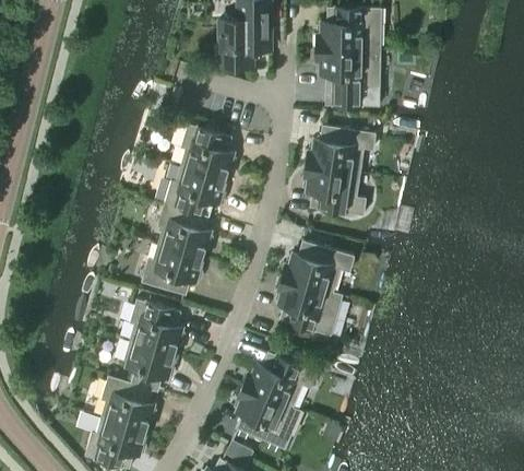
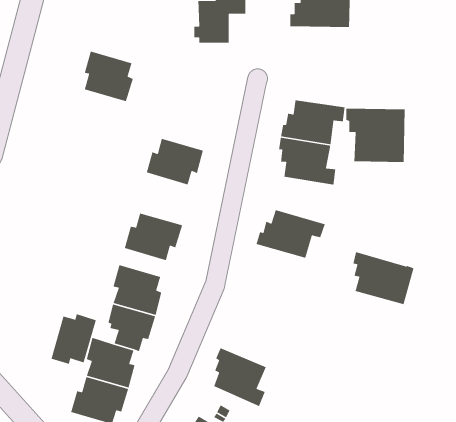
building: [317,49,380,107] -> [345,108,405,163]
building: [181,125,234,179] -> [84,50,134,102]
building: [158,203,211,258] -> none
building: [277,279,343,335] -> [352,251,415,305]
building: none -> [50,313,97,365]
building: [243,352,318,408] -> none

